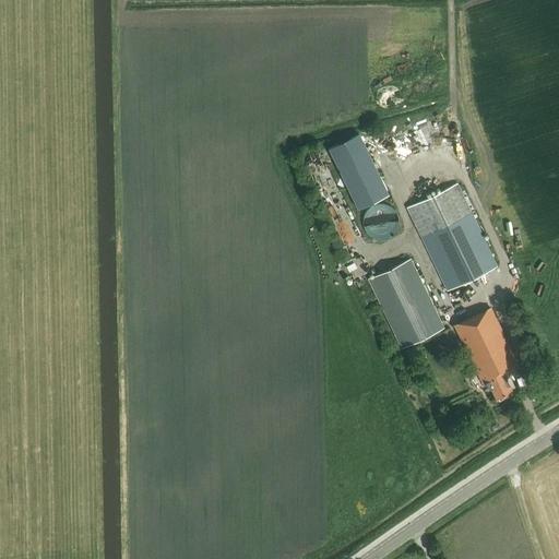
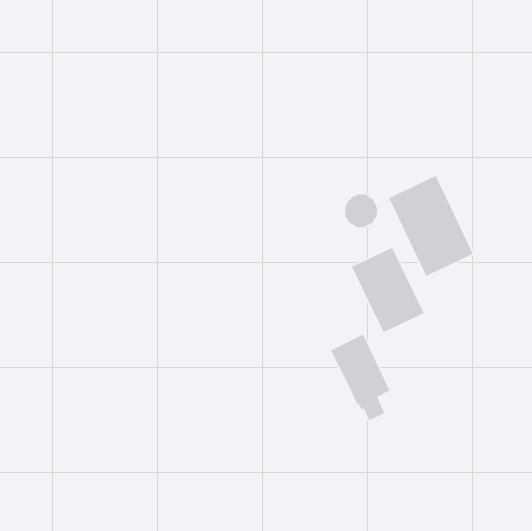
building: [329,135,388,209] -> none
building: [455,309,519,401] -> [330,334,391,421]

